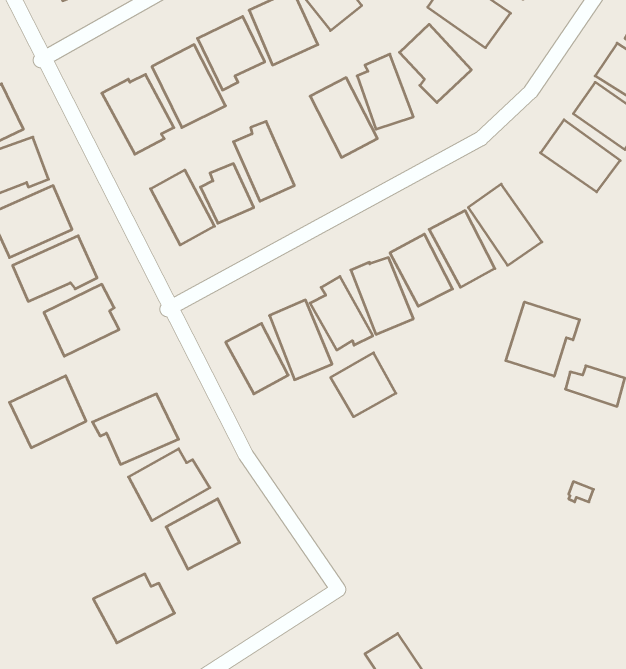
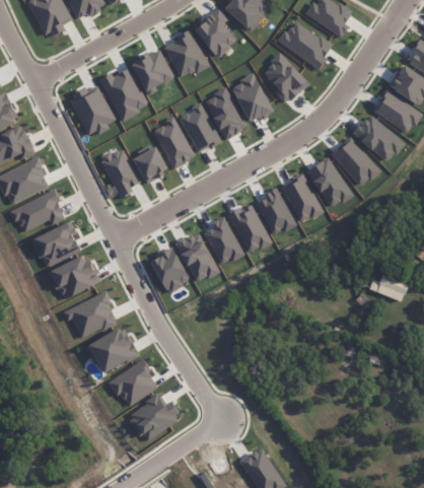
building: none -> [179,104,220,152]
building: none -> [330,137,379,188]
building: [506,302,580,376] -> none
building: [331,353,396,417] -> none
building: [9,376,86,448] -> [48,254,97,300]
building: [93,574,175,643] -> [127,396,180,440]

